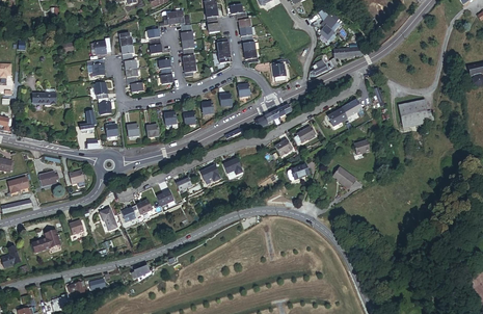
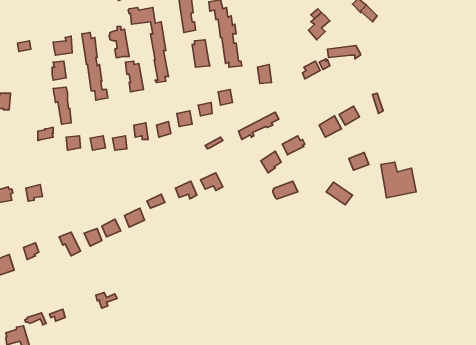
building: [398,95,429,126] -> [381,162,416,198]

